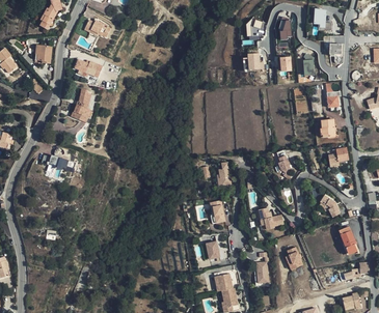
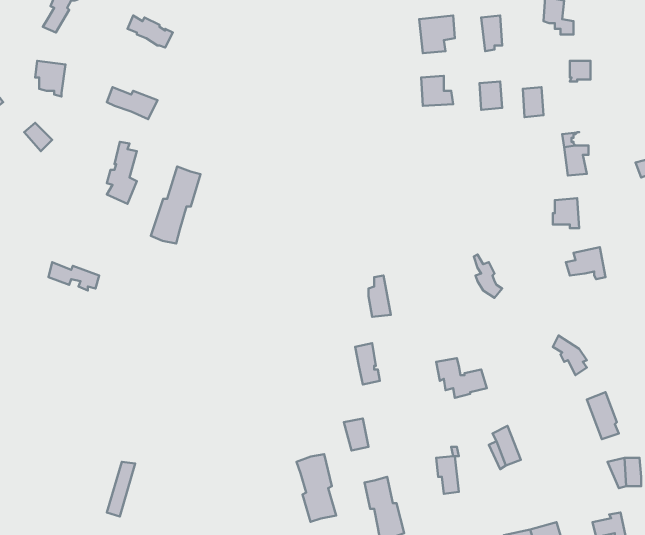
building: none -> [151,166,200,244]
building: none -> [296,454,336,522]

